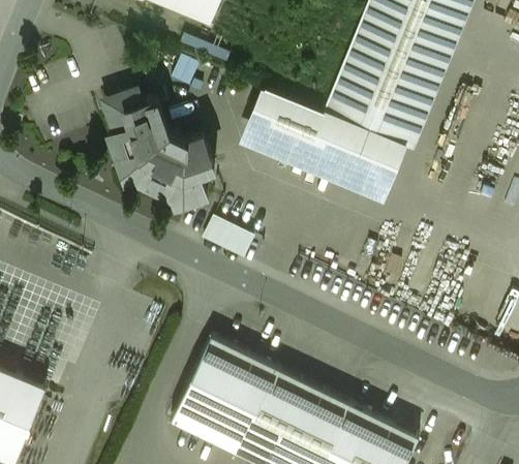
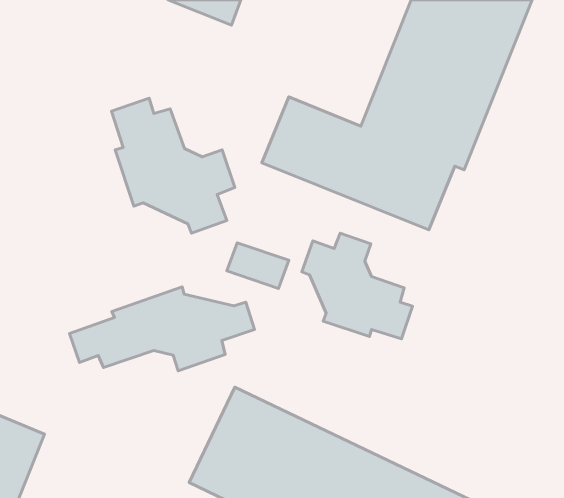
building: none -> [302,233,413,339]
building: none -> [70,287,254,371]

